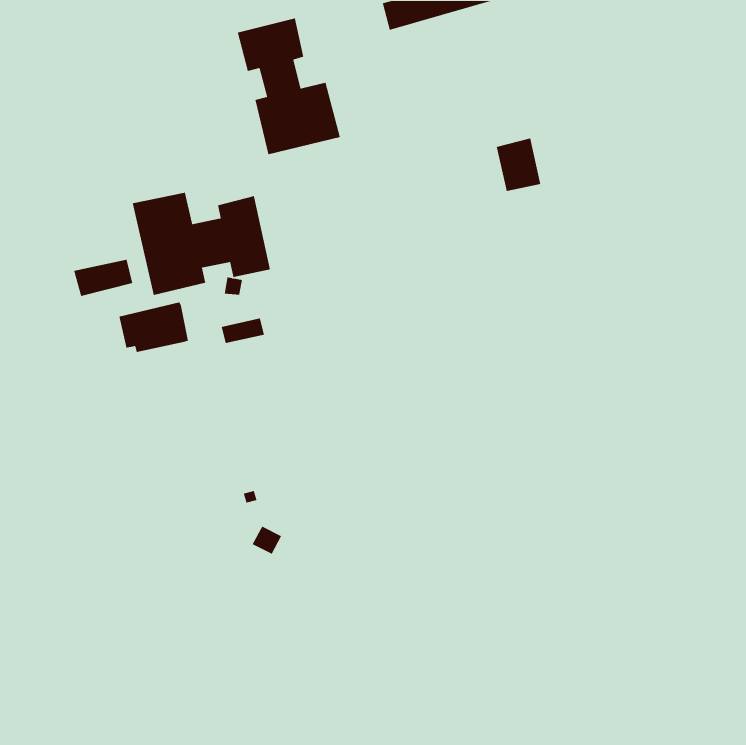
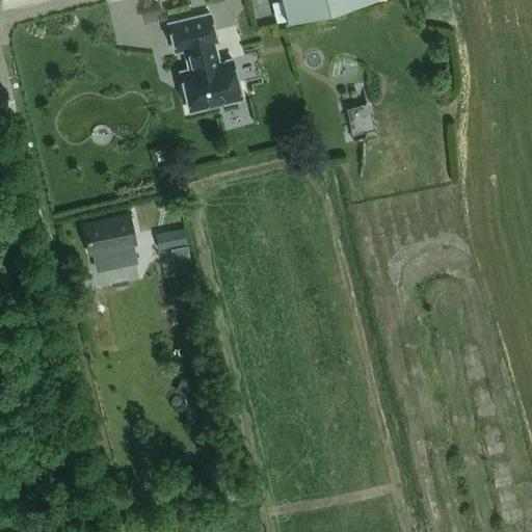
building: [132,192,271,296] -> none
building: [73,259,133,297] -> [94,245,136,272]

